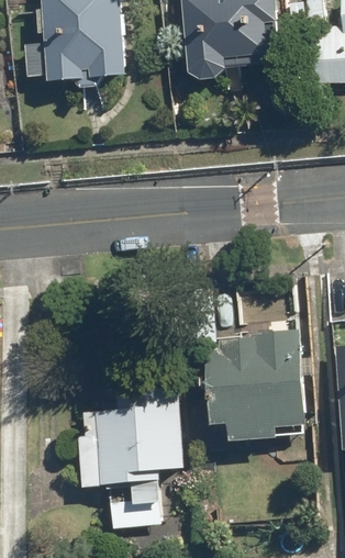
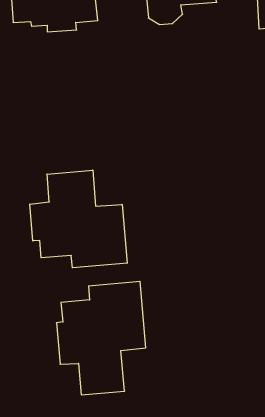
building: none -> [30,170,127,268]
building: [204,328,308,443] -> none

